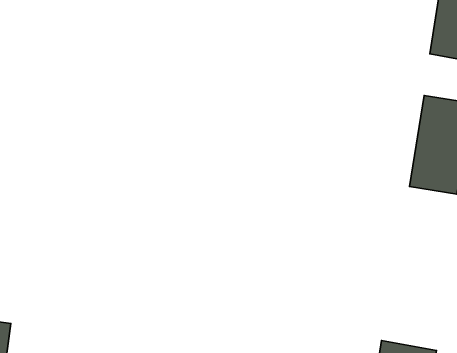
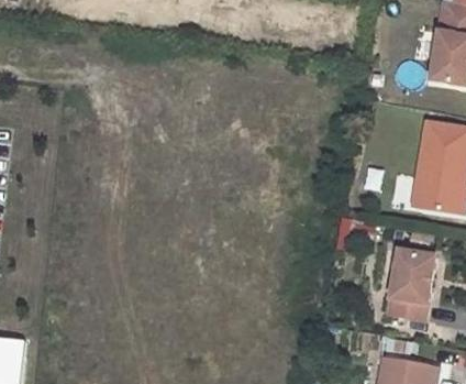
building: none -> [389,250,433,319]

